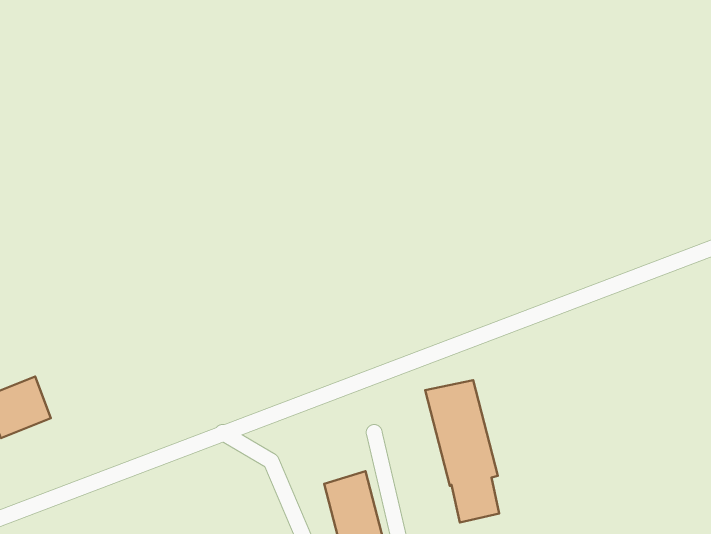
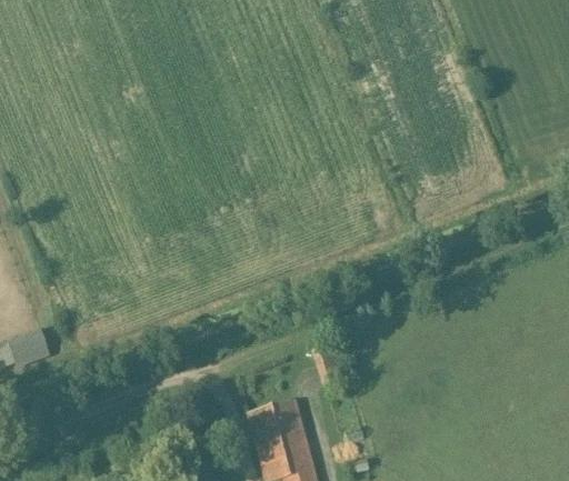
building: [425,380,499,523] -> none

